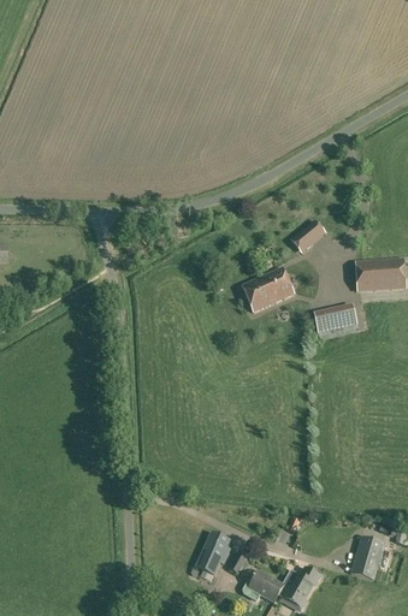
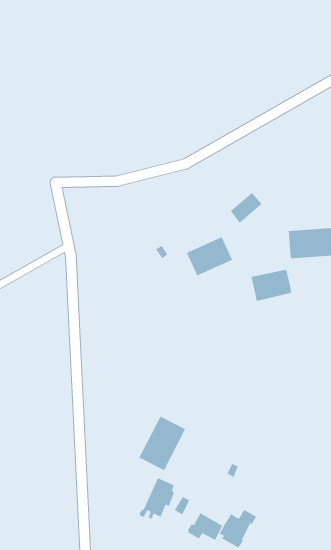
building: none -> [138,415,186,471]
building: [350,535,385,581] -> none

